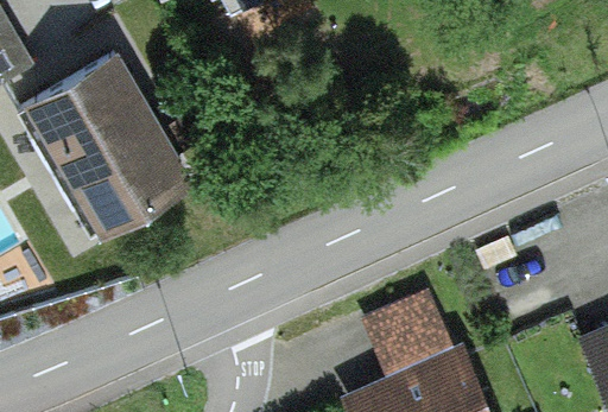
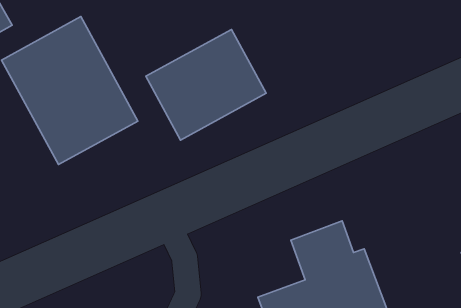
building: none -> [146,30,266,140]

